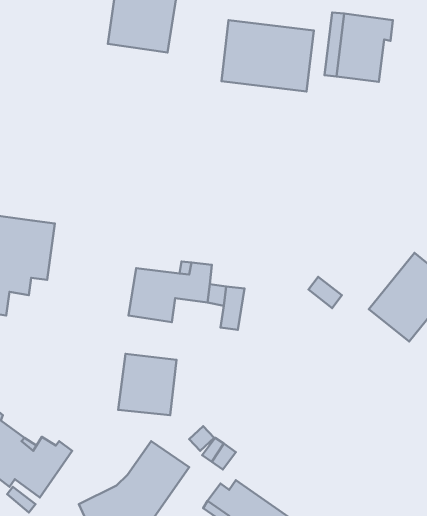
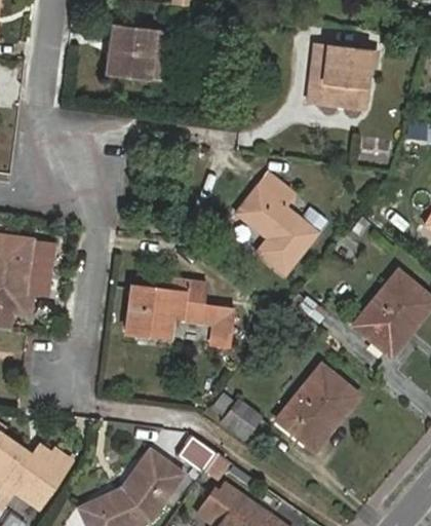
building: [221,20,314,92] -> none
building: none -> [238,176,315,274]
building: none -> [276,367,357,450]
building: [118,354,176,415] -> none
building: none -> [220,398,261,439]

